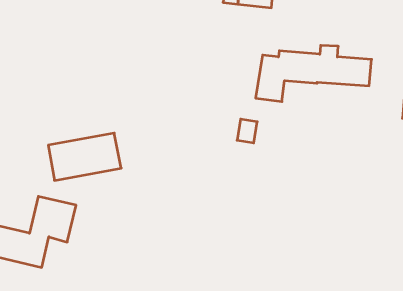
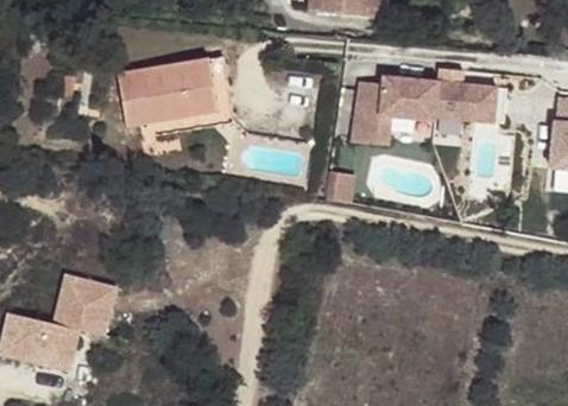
building: [48,133,121,180] -> [118,56,216,120]

